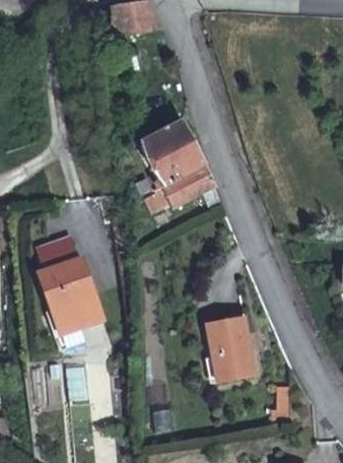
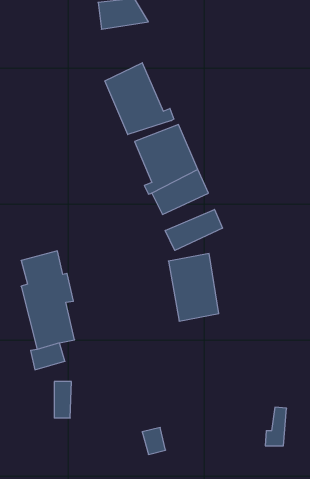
building: none -> [105,63,174,135]
building: none -> [165,209,222,250]
building: [204,316,252,380] -> [168,254,219,321]

